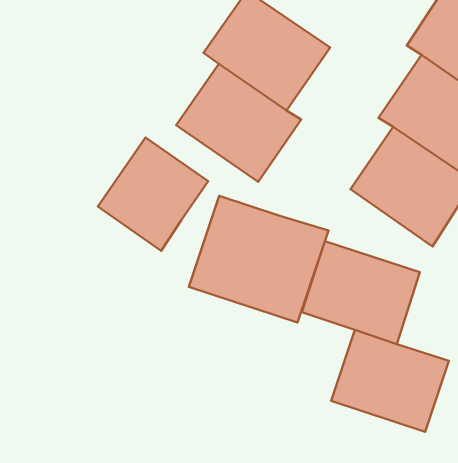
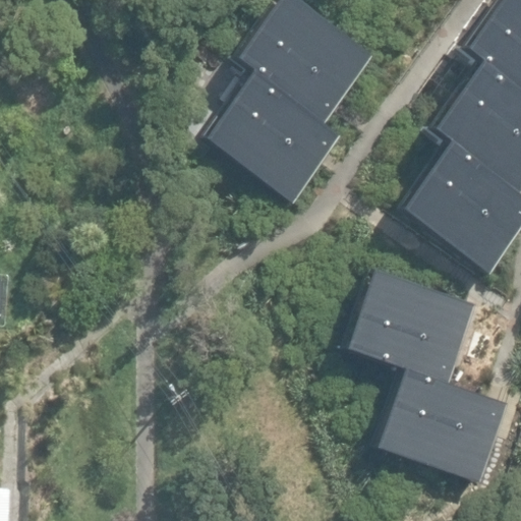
building: [98,138,208,251] -> none
building: [189,196,328,322] -> none

